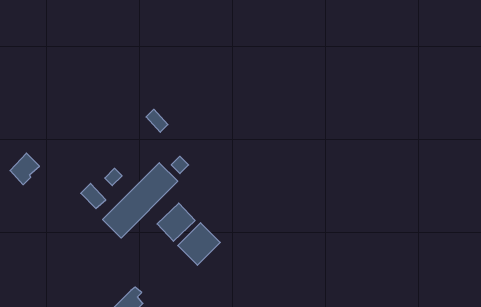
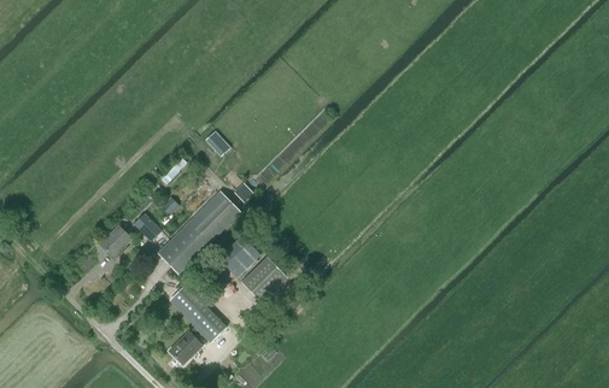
building: [10,153,39,185] -> [99,225,131,260]
building: none -> [169,286,226,343]

